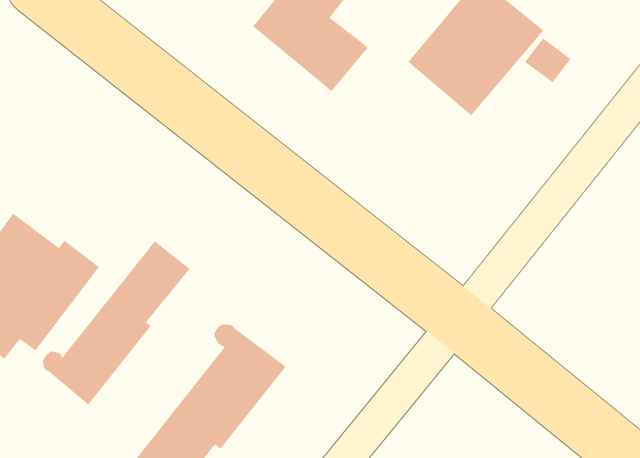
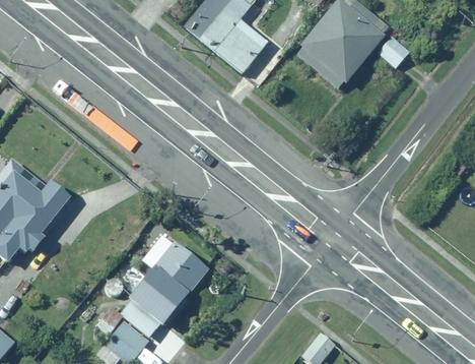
building: [42,241,190,406] -> none

